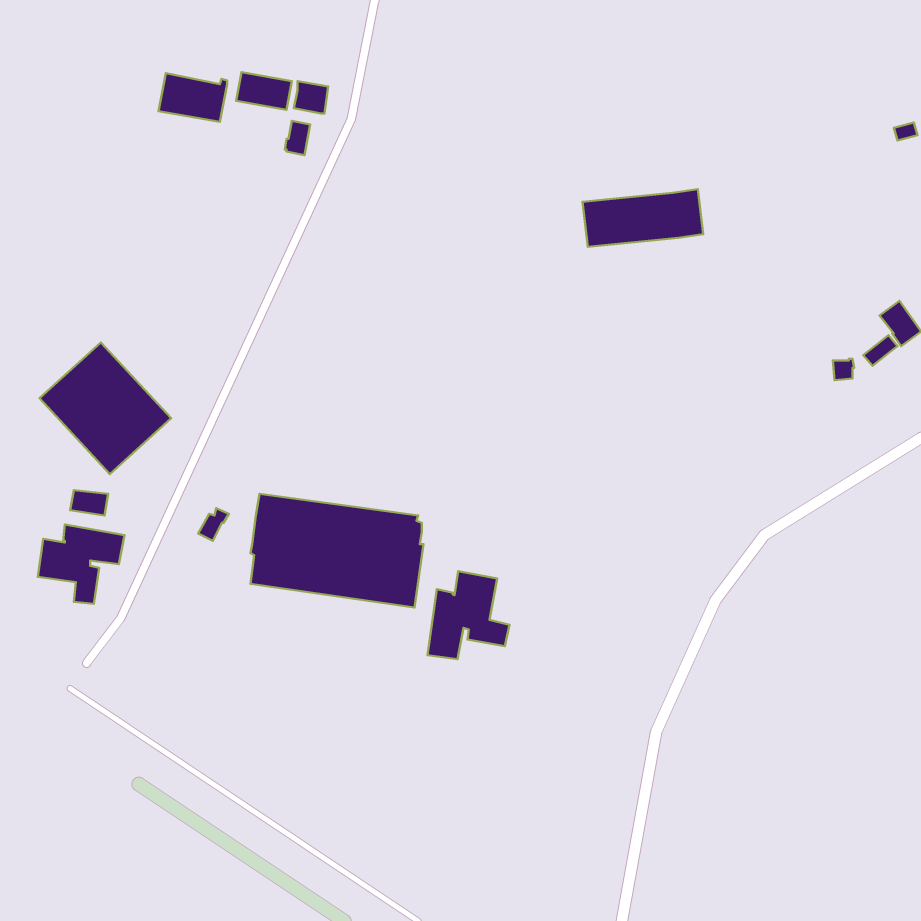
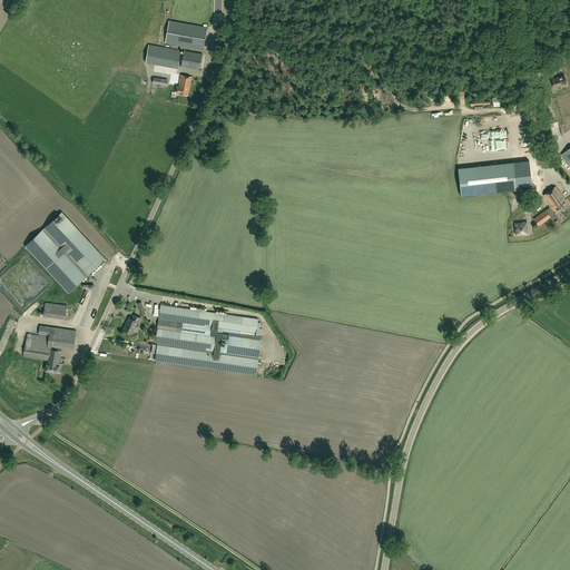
building: [159,73,227,122] -> [165,20,207,50]
building: [583,189,703,247] -> [458,160,532,196]
building: [427,571,510,659] -> none

